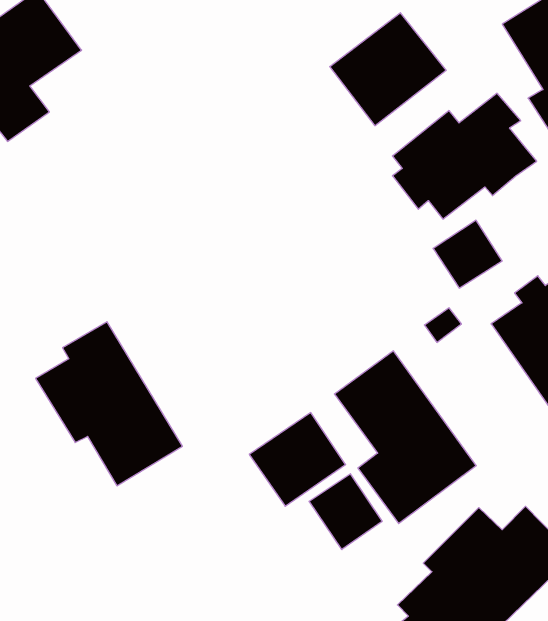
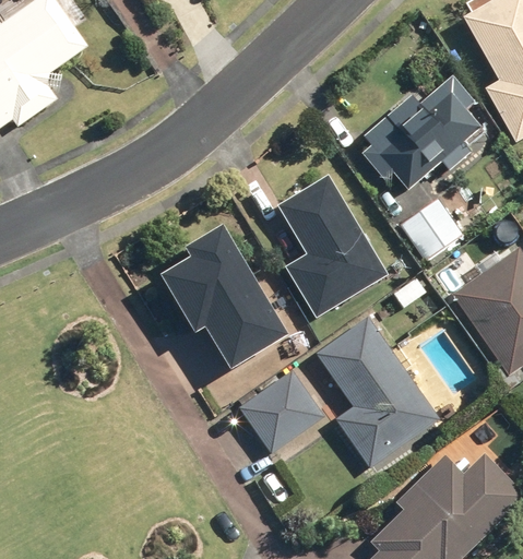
building: [330,13,446,126] -> none
building: none -> [277,173,388,316]
building: [36,322,182,486] -> [156,221,286,366]
building: [309,474,382,550] -> none

